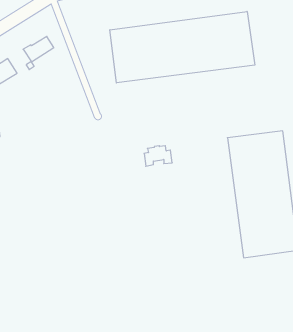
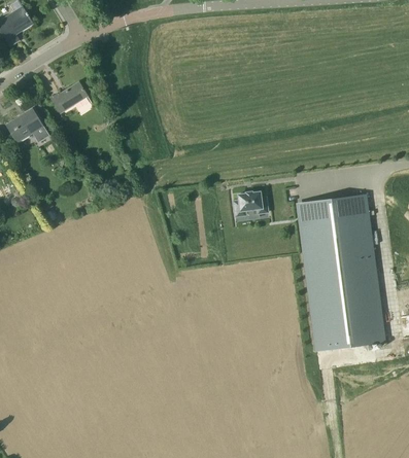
building: [110,11,255,83] -> none
building: [144,146,172,166] -> [234,192,268,217]

